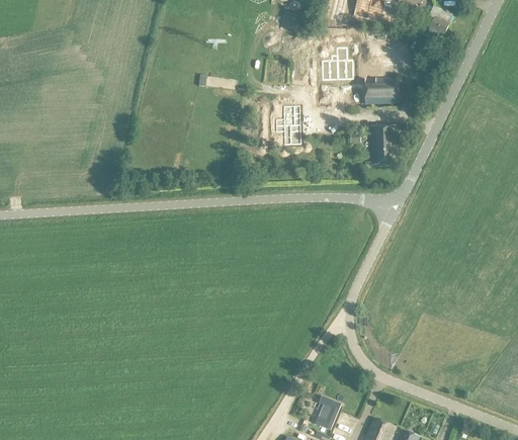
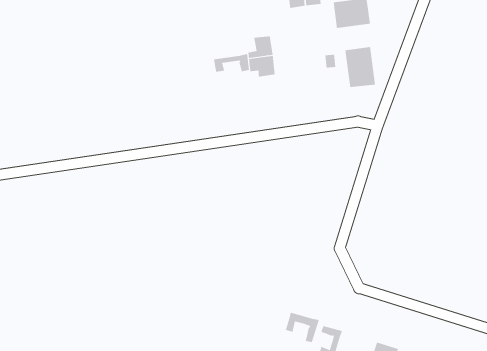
building: none -> [214,53,249,73]
building: none -> [285,312,320,343]

